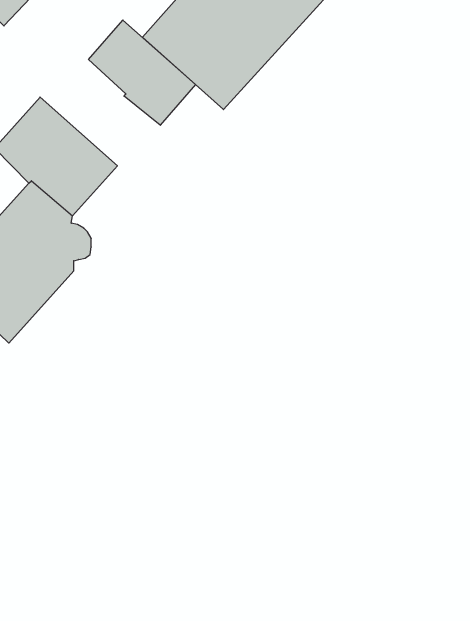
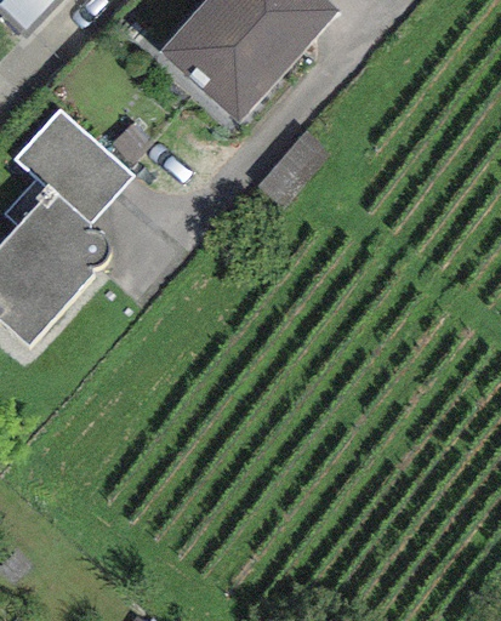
building: [89,20,196,125] -> none

